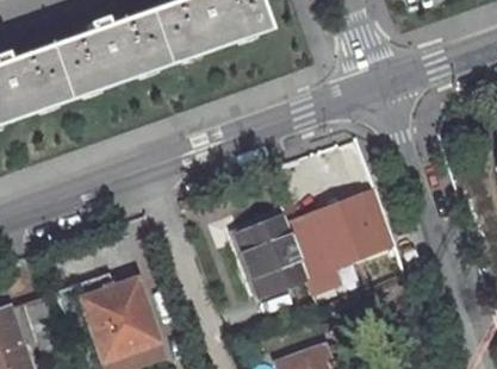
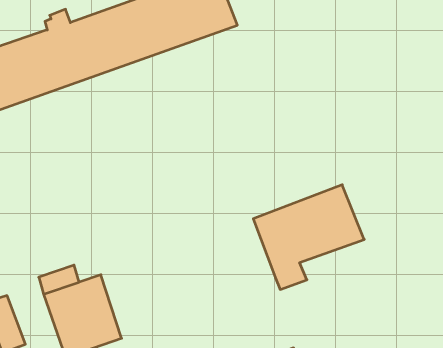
building: [231,215,309,300] -> none

